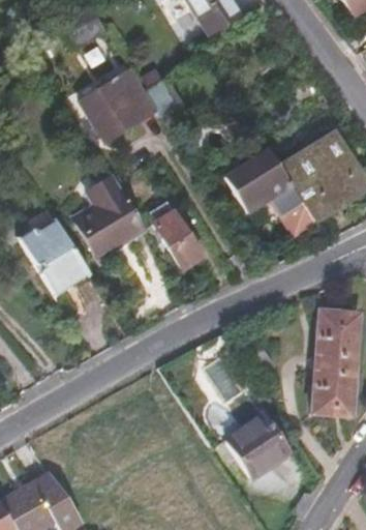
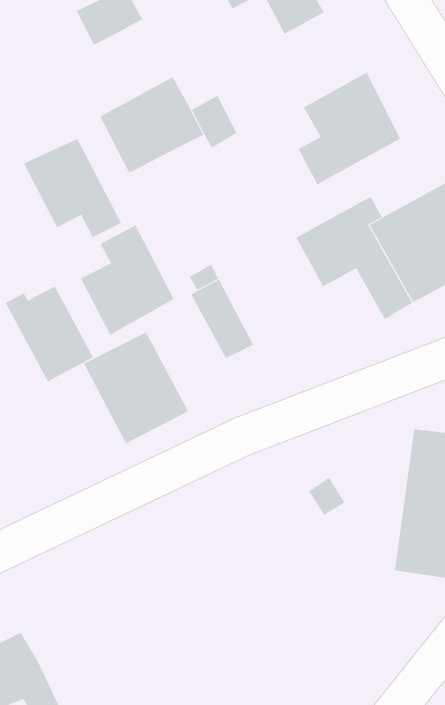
building: none -> [298,72,401,185]
building: none -> [23,138,122,238]
building: none -> [83,331,189,444]
building: [228,414,287,475] -> none

